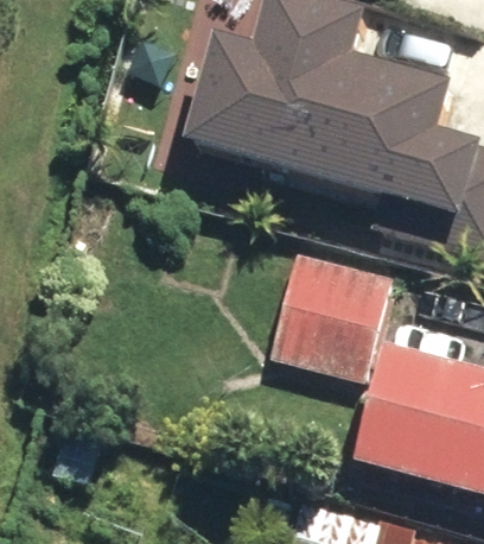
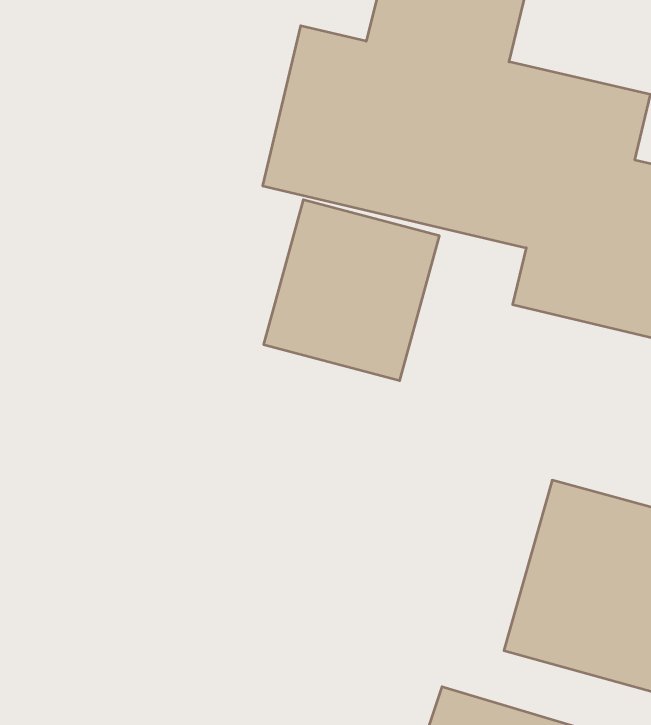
building: [275,252,396,377] -> [264,200,439,381]

